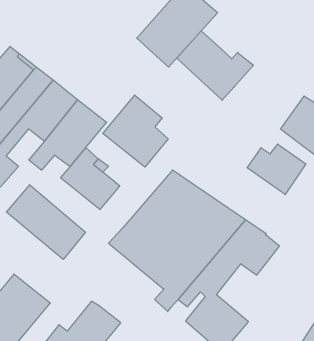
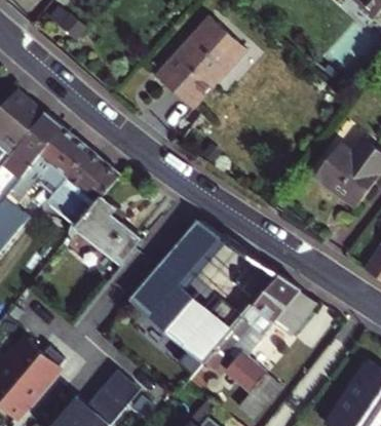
building: [177,31,253,100] -> none
building: [103,95,168,167] -> none
building: [247,144,306,195] -> none
building: [6,185,85,259] -> none

